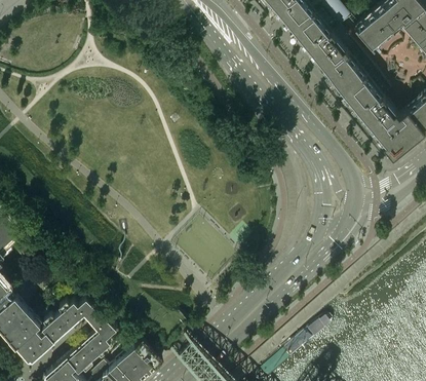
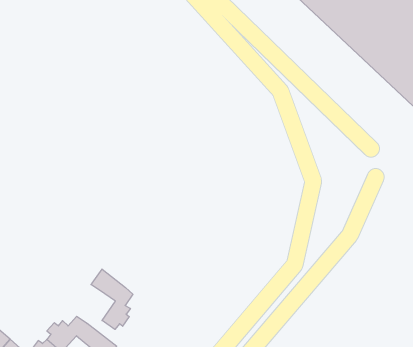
building: none -> [91,269,133,329]

